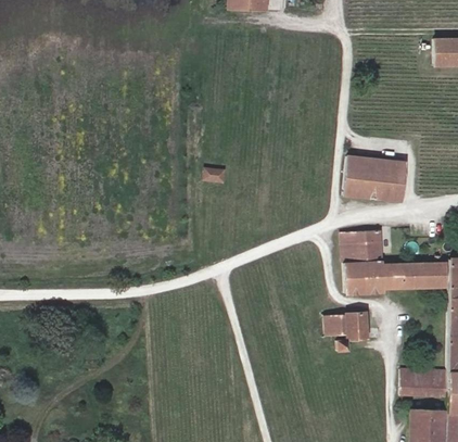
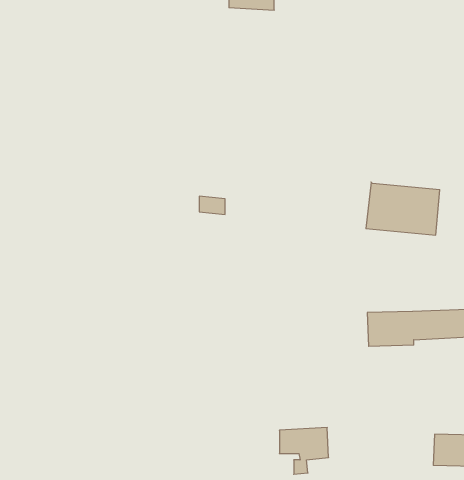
building: [342,231,382,265] -> none
building: [325,313,366,352] -> [279,428,329,474]

